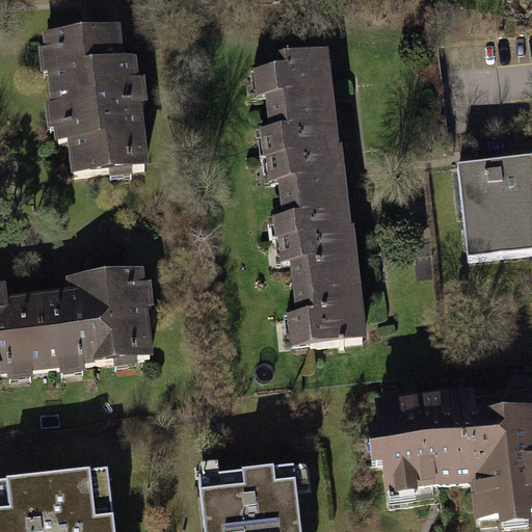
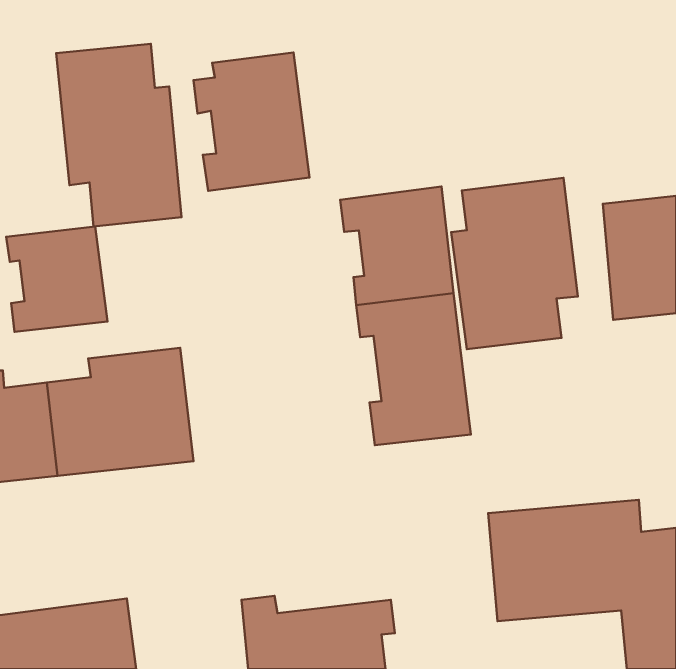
building: [254,48,344,156] -> [194,52,310,191]
building: none -> [451,178,578,349]
building: none -> [6,226,107,332]

